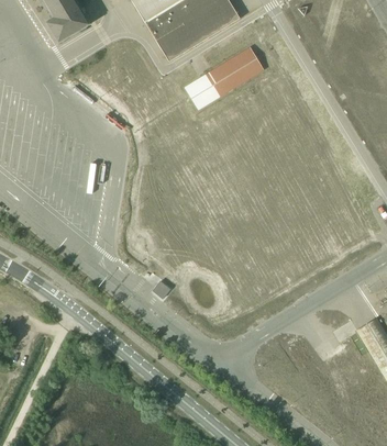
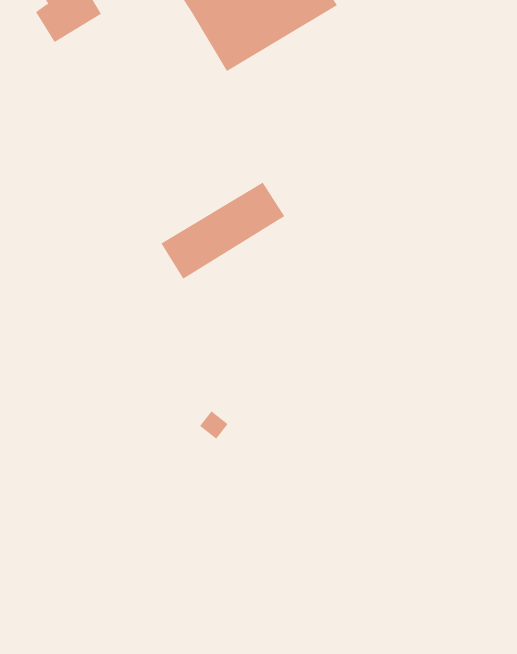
building: [183,46,263,109] -> [161,182,285,279]

